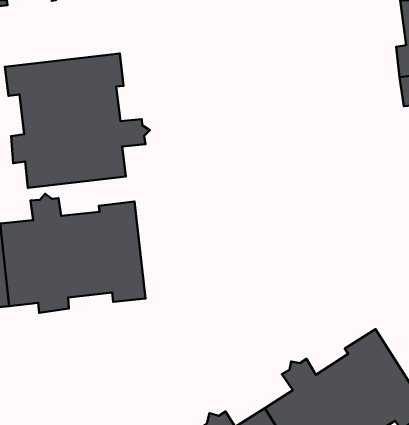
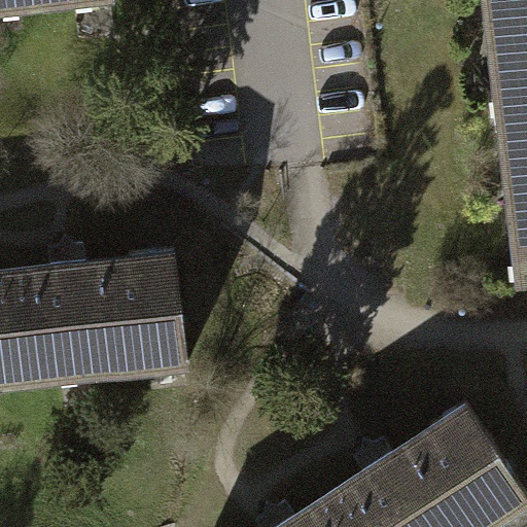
building: [5,54,150,188] -> none

